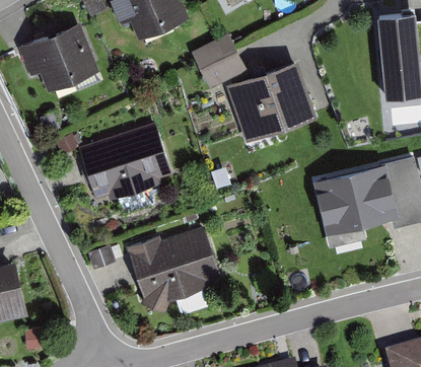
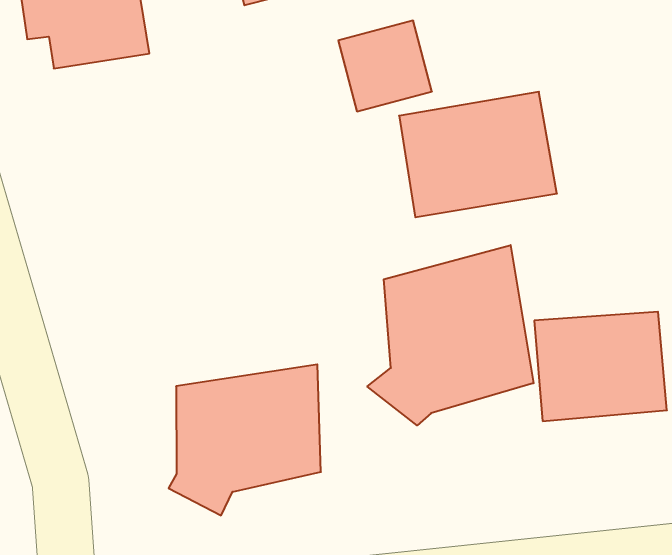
building: [79,123,170,199] -> none
building: none -> [367,245,534,425]

